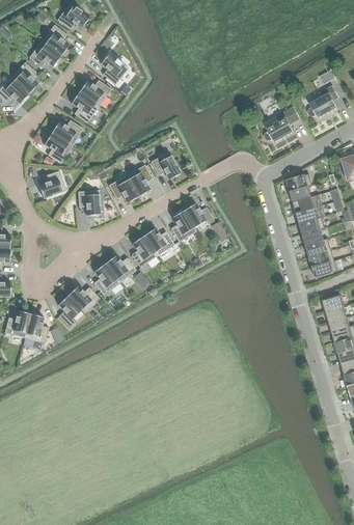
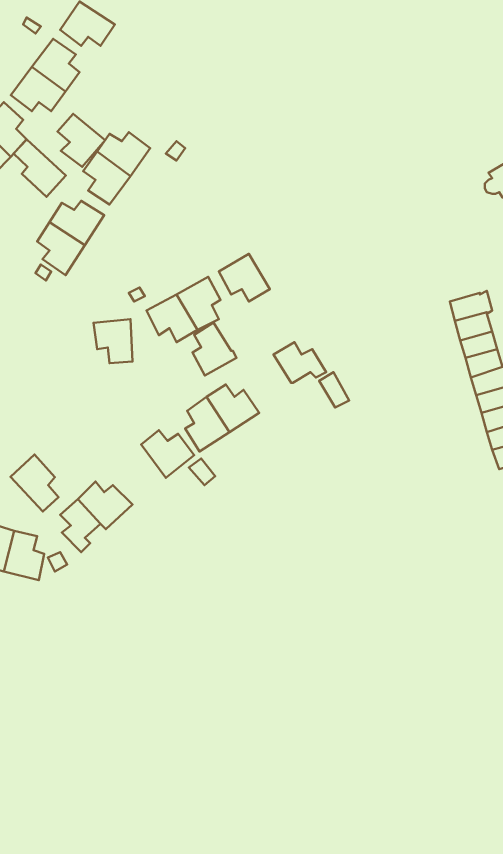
building: [100,53,128,84] -> [57,114,105,167]
building: none -> [14,140,66,197]
building: [263,107,300,142] -> none
building: [38,170,66,198] -> none
building: [170,211,196,242] -> [192,322,236,375]
building: [93,264,119,296] -> none
building: none -> [11,455,58,512]

